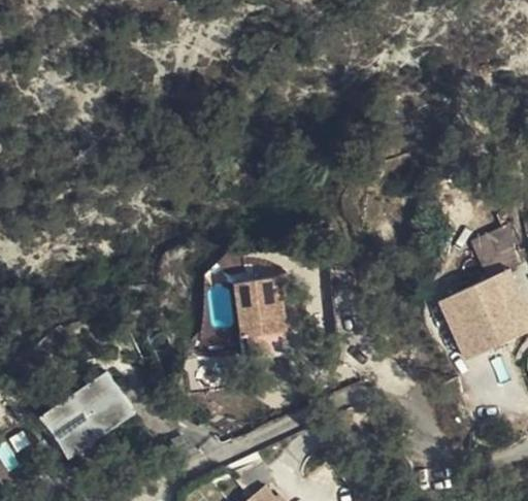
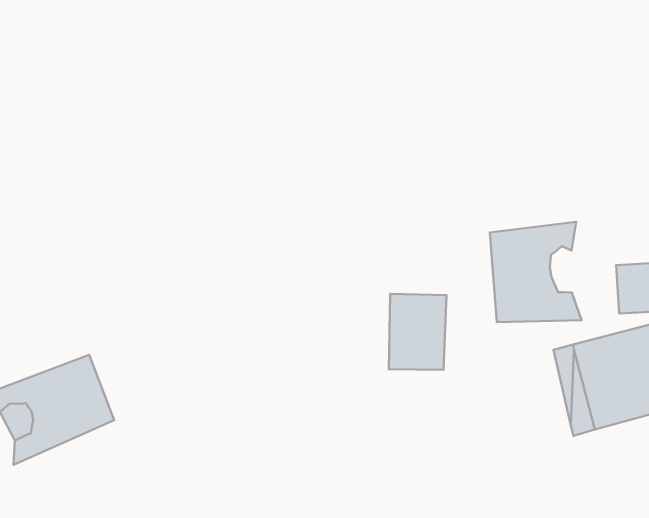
building: none -> [490,222,582,322]
building: [232,272,279,332] -> [389,294,446,370]

